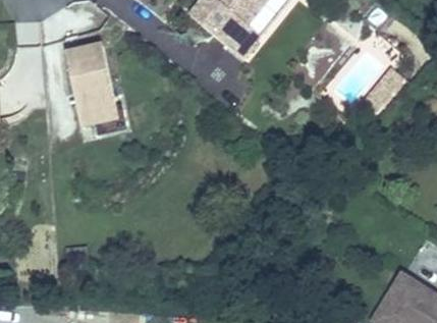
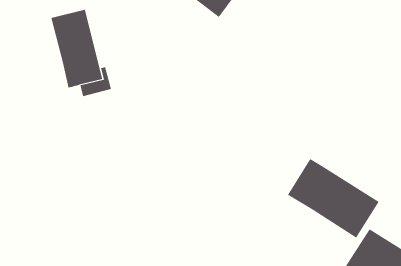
building: none -> [287,158,380,239]

